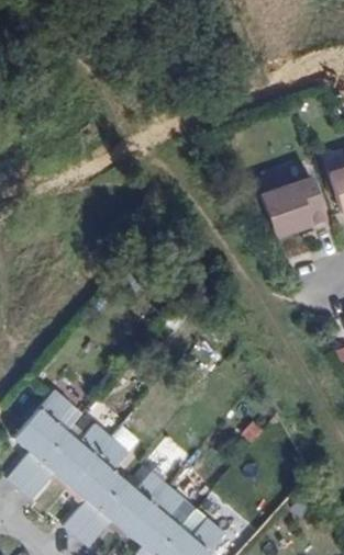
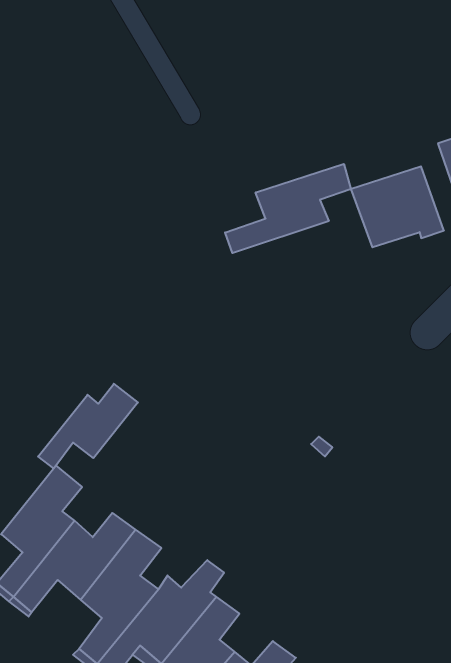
building: none -> [225,164,351,253]
building: none -> [38,384,138,469]

